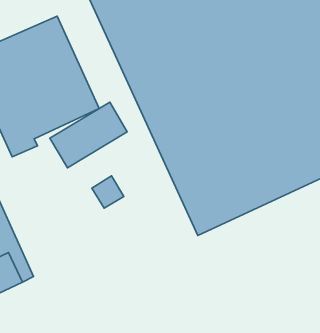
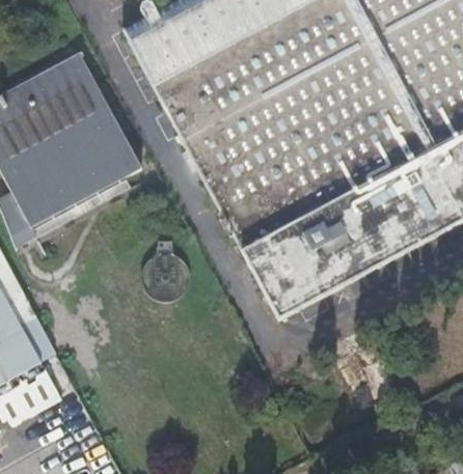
building: [50,102,127,168] -> none

